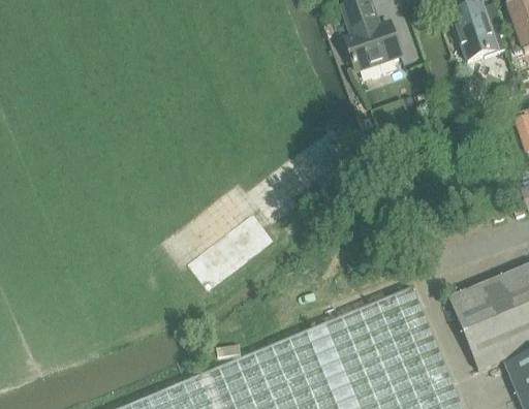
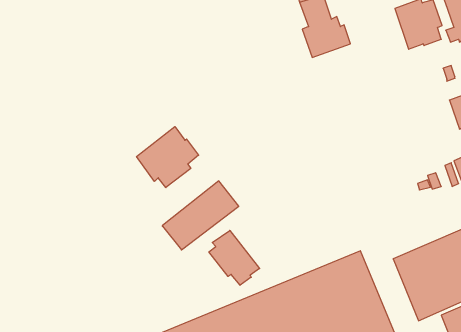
building: none -> [137,127,199,188]
building: none -> [209,230,260,285]

